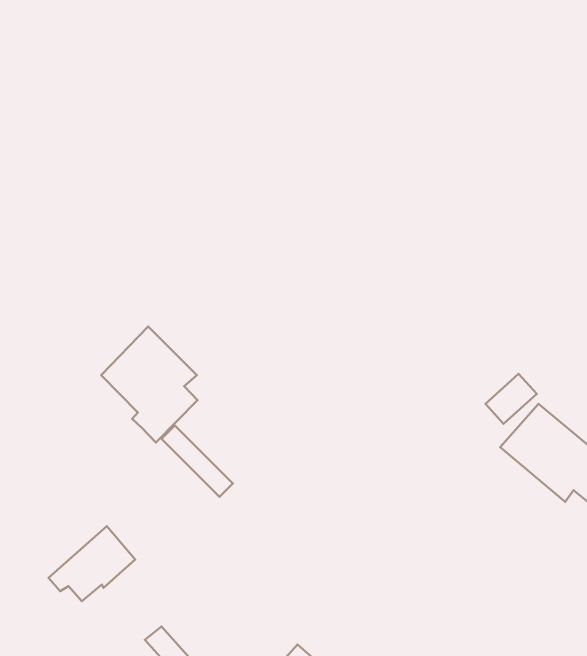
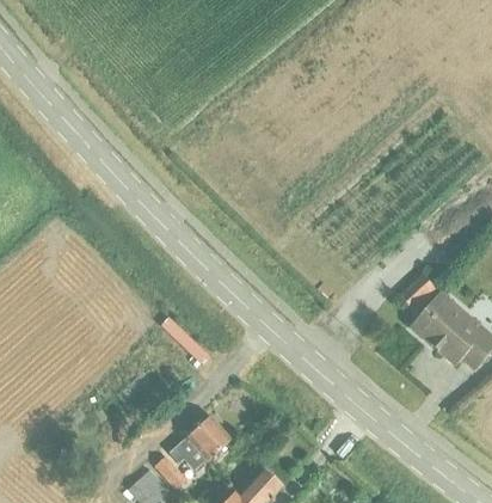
building: [101,327,197,442] -> none
building: [49,526,135,601] -> [170,416,232,470]

